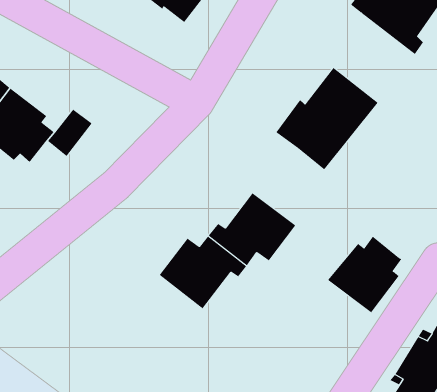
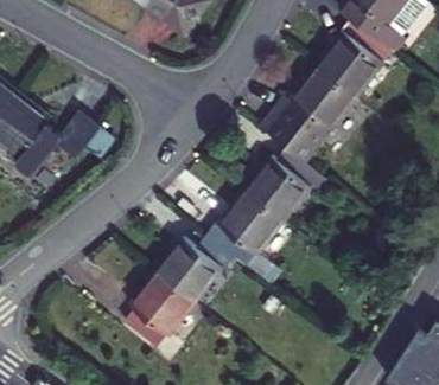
building: none -> [324,18,403,104]
building: [327,236,402,313] -> [246,148,318,223]
building: none -> [127,270,198,345]

